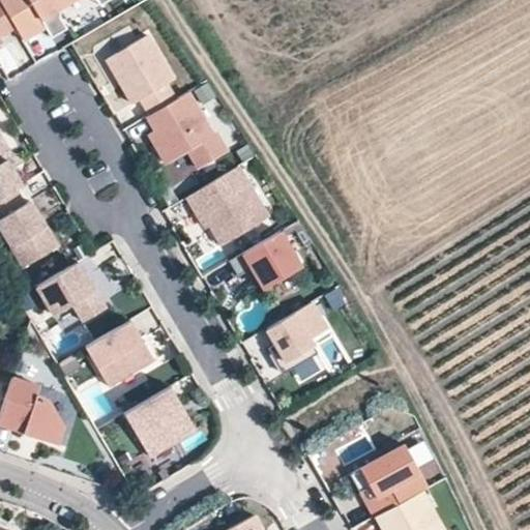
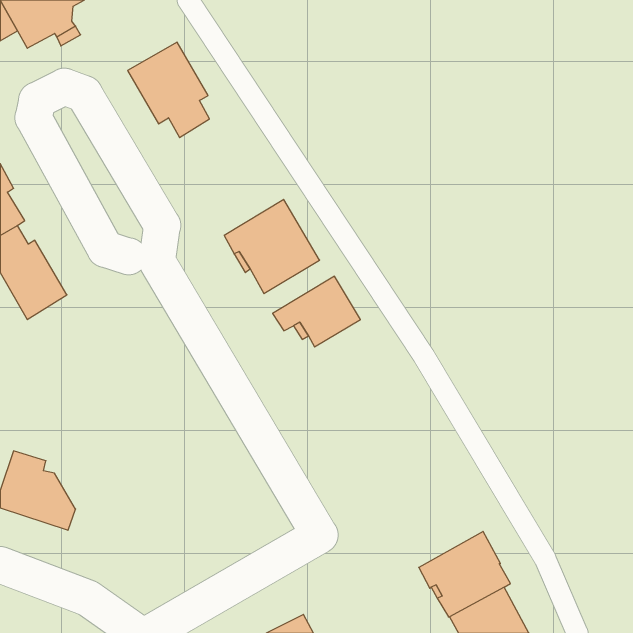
building: [147,92,227,169] -> none
building: [30,264,100,325] -> none
building: [266,302,326,373] -> none
building: [85,319,153,385] -> none
building: [123,385,196,455] -> none

